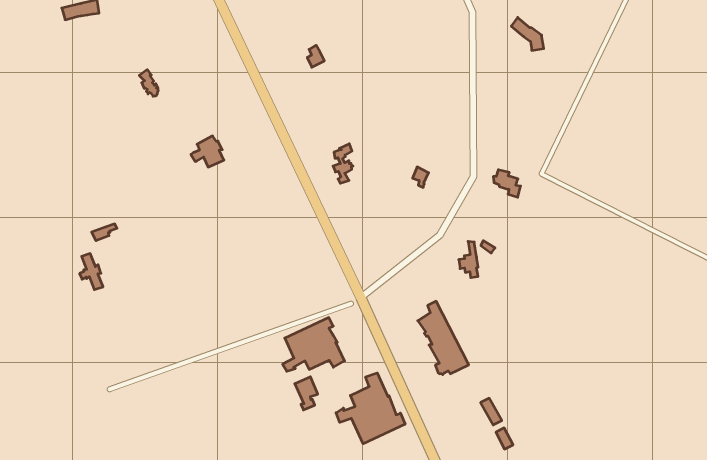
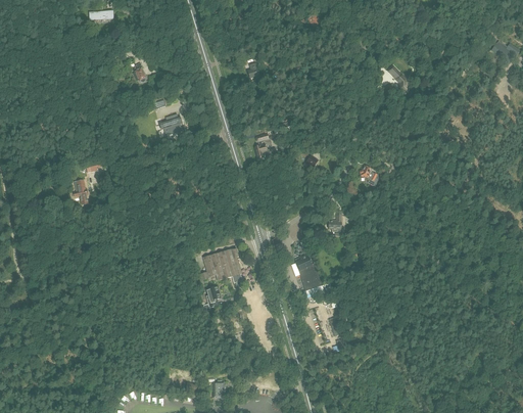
building: [336,373,405,444] -> none

